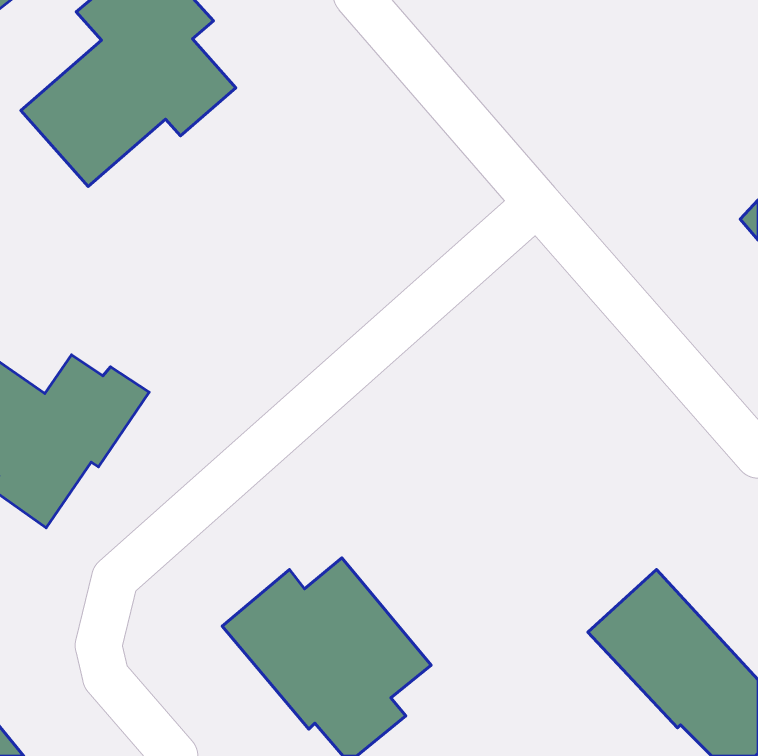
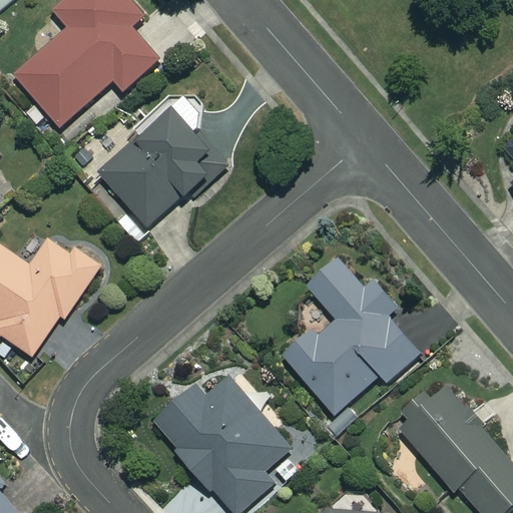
building: none -> [98,110,221,226]
building: none -> [284,259,419,412]

